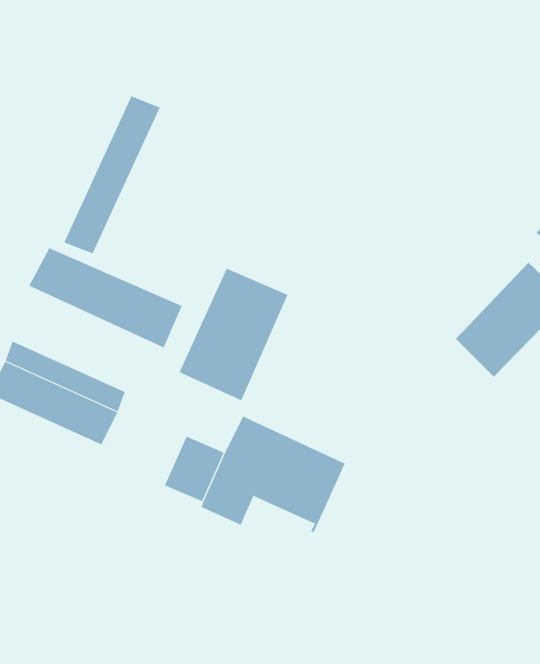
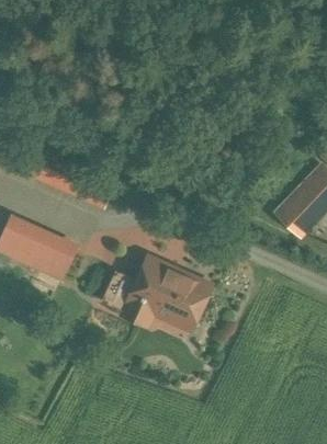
building: [64,96,161,254] -> none
building: [179,268,288,401] -> none

